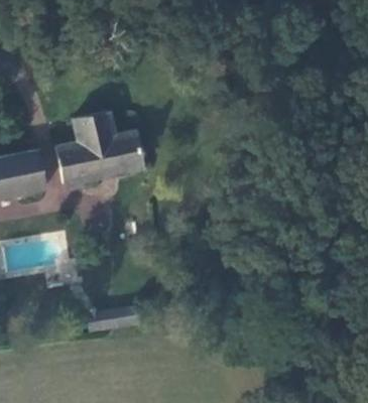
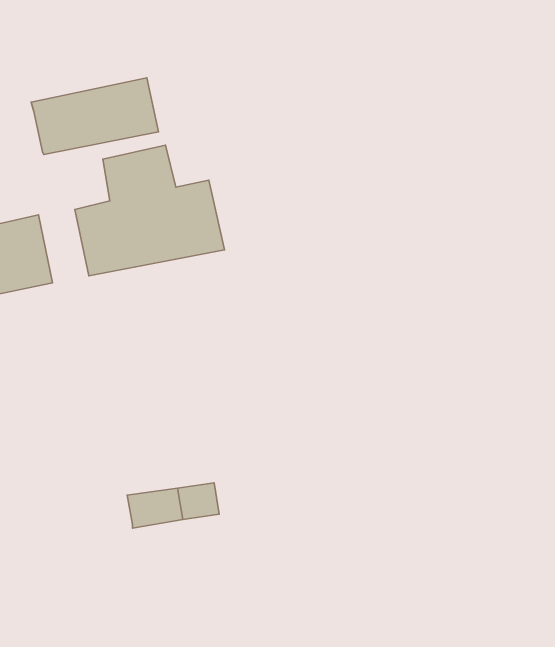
building: none -> [31,78,158,154]

